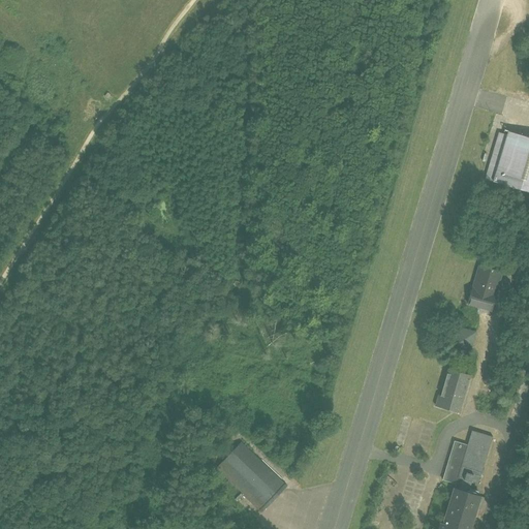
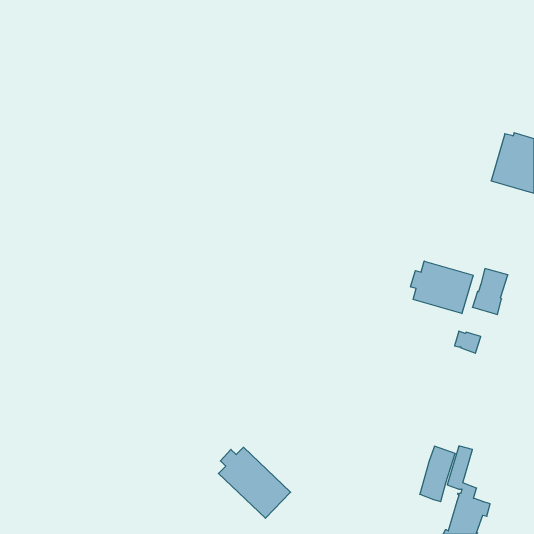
building: none -> [411,261,473,314]
building: [436,369,470,413] -> none
building: [458,430,493,485] -> [420,446,455,502]

